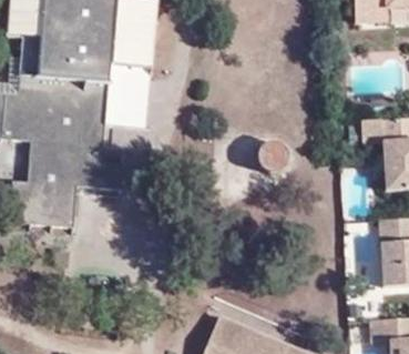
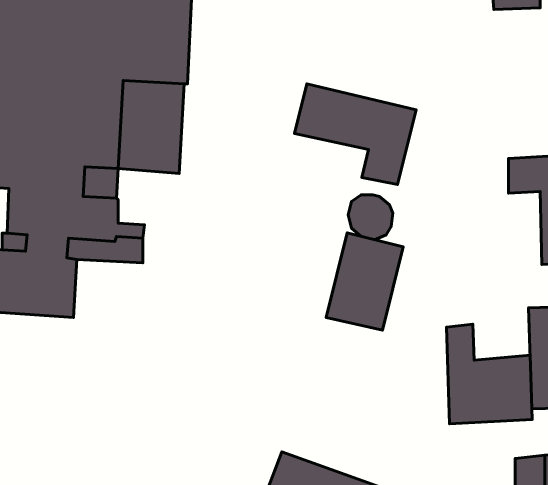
building: none -> [294,84,416,184]
building: none -> [326,233,403,330]
building: none -> [446,324,532,424]

